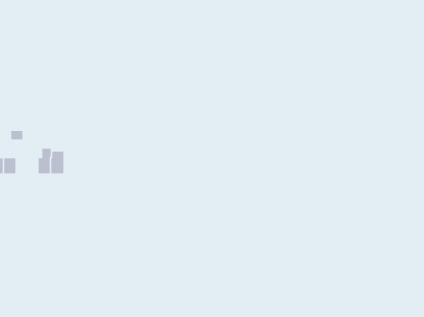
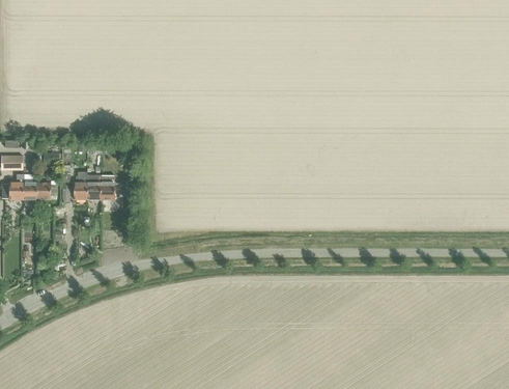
building: none -> [101,175,124,200]

